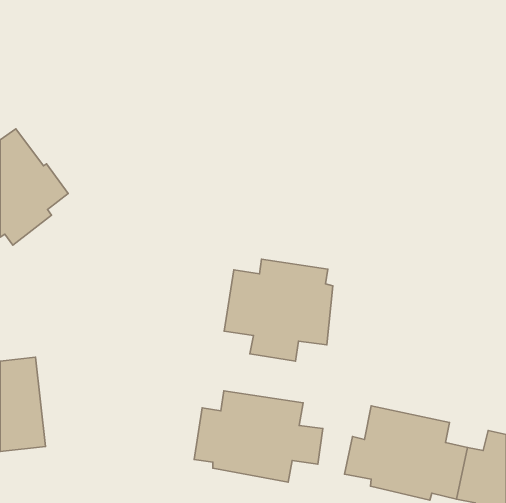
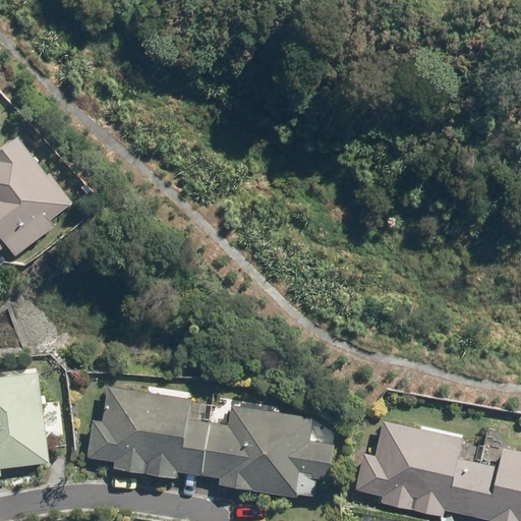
building: [224,259,333,361] -> none
building: none -> [84,386,208,478]

